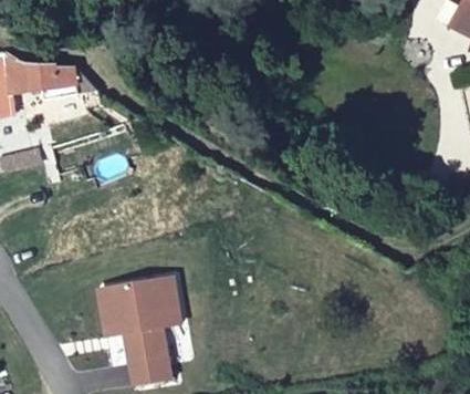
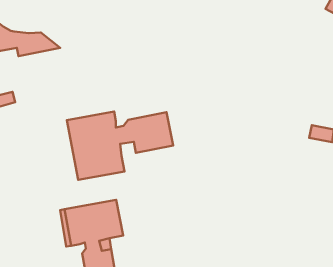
building: none -> [67,111,173,180]

